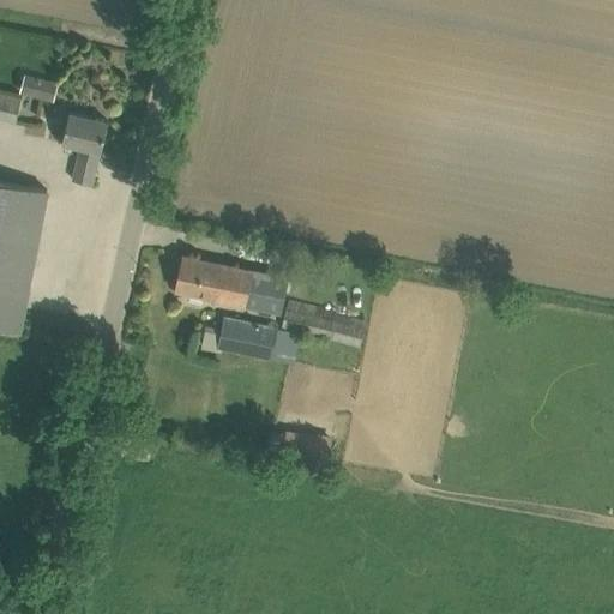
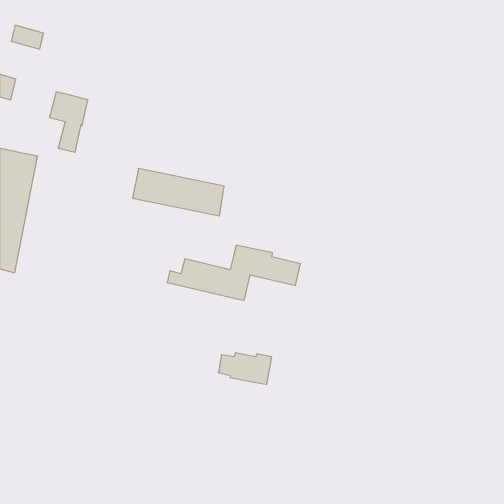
building: [18,74,58,103] -> [11,25,44,49]
building: [175,257,287,314] -> [132,168,224,216]

